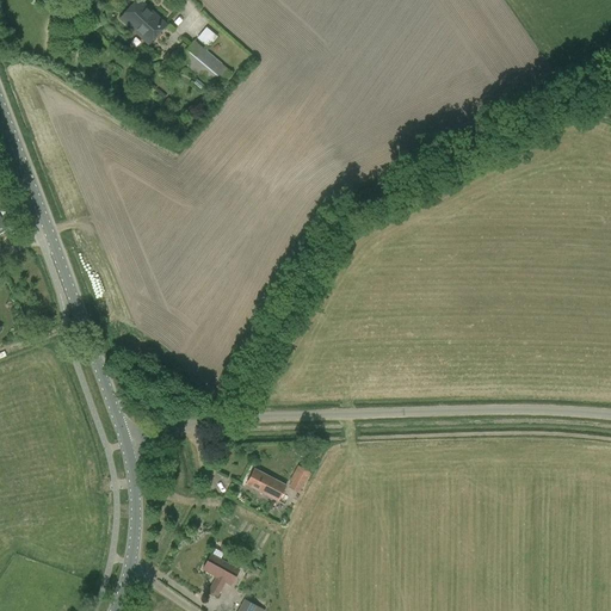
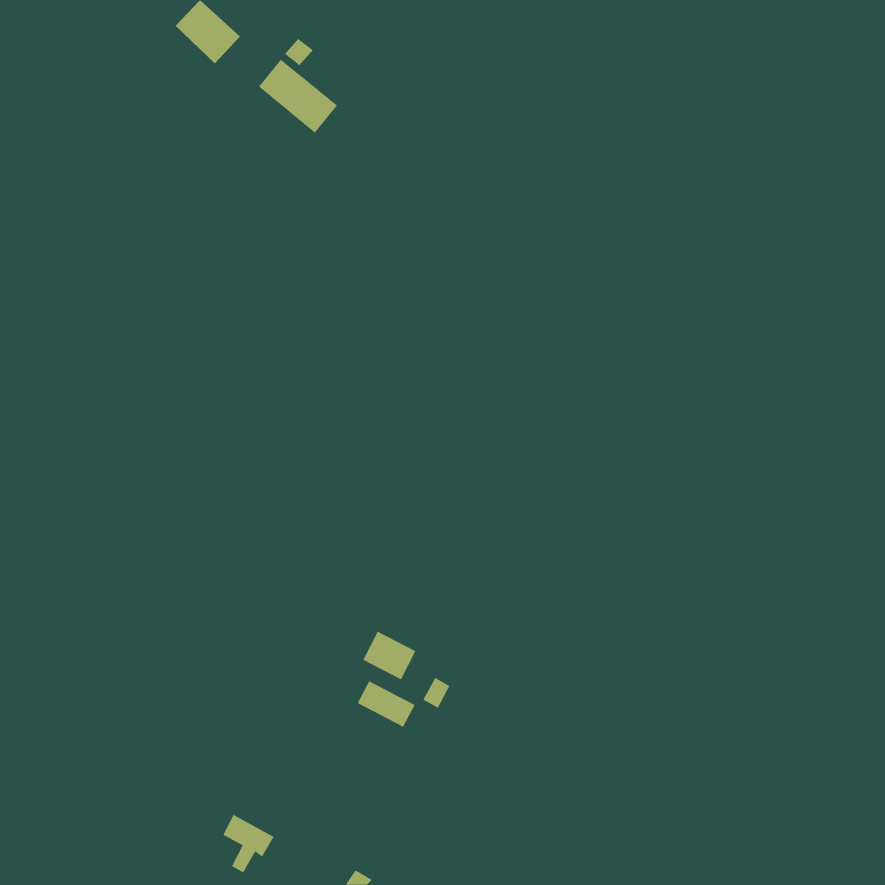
building: none -> [363,631,416,680]
building: [203,555,239,595] -> [223,814,275,873]

